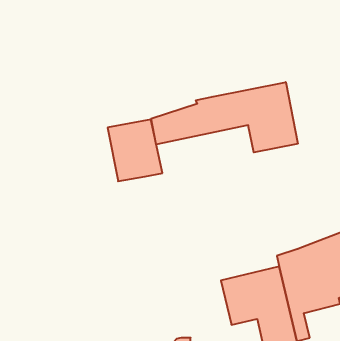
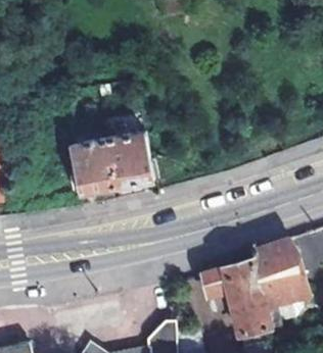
building: [151,82,298,152] -> none
building: none -> [68,138,113,192]

